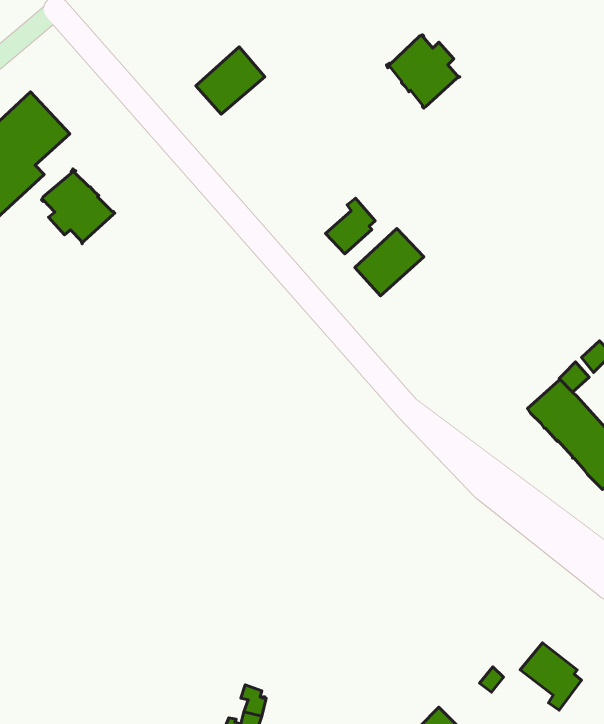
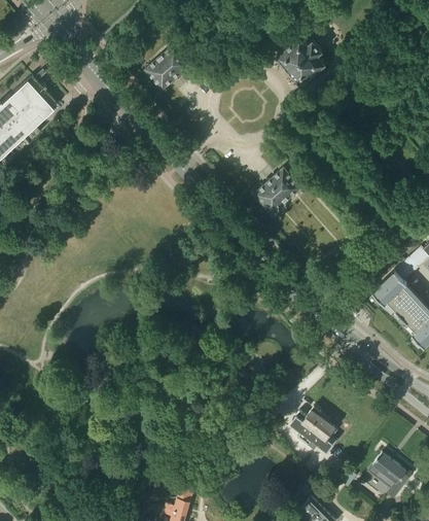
building: [42,169,115,244] -> none
building: [325,198,375,254] -> none
building: none -> [290,407,334,451]

